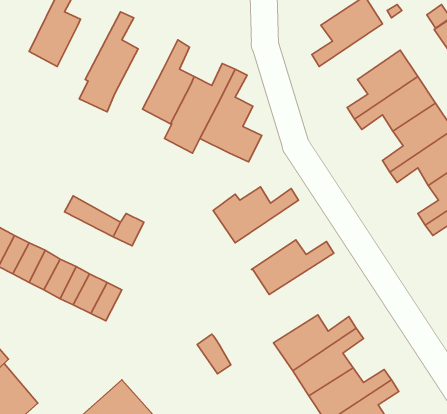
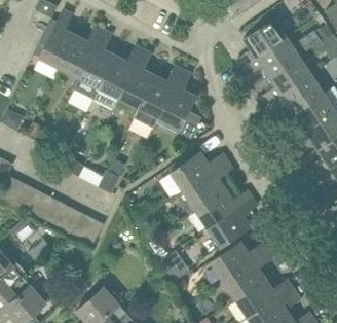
building: none -> [59,25,103,76]
building: none -> [241,37,298,76]
building: none -> [93,44,143,108]
building: none -> [176,160,232,214]
building: none -> [207,198,257,246]

